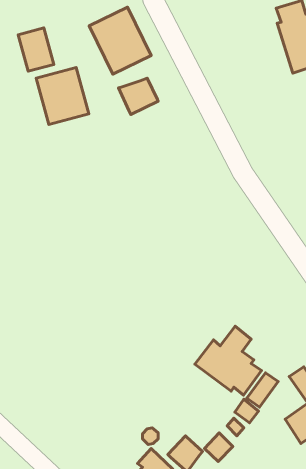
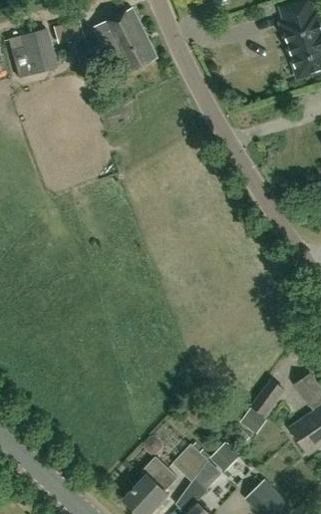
building: [36,67,89,125] -> none
building: [119,78,158,115] -> none
building: [195,326,261,395] -> none

